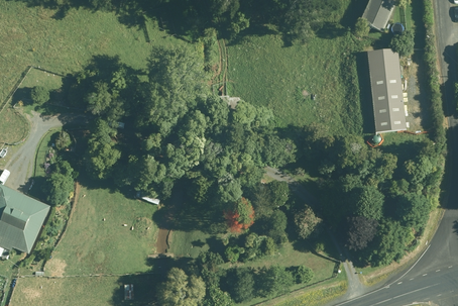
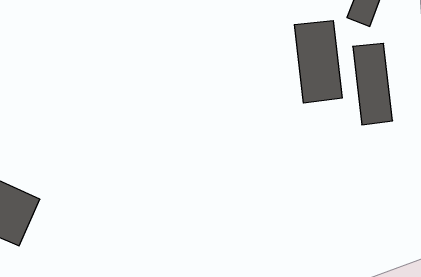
building: none -> [294,21,342,103]

